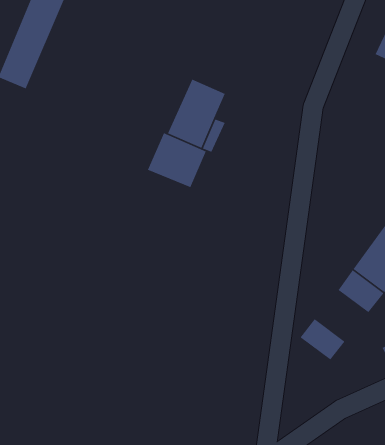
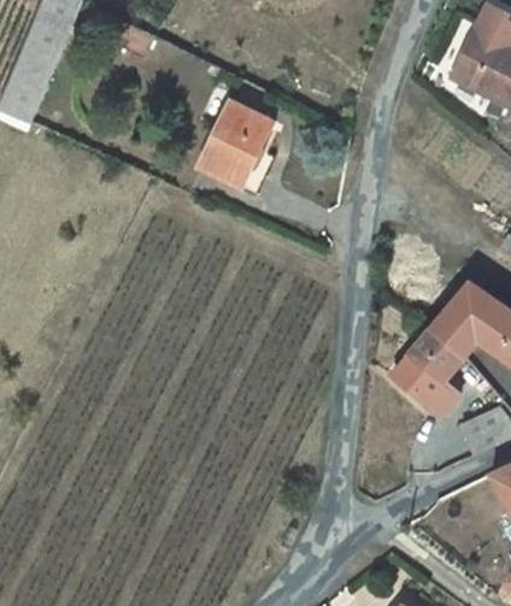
building: [147,132,207,188] -> none
building: [299,318,346,360] -> [390,357,446,407]

